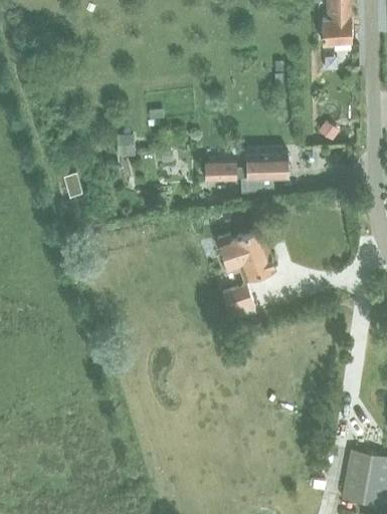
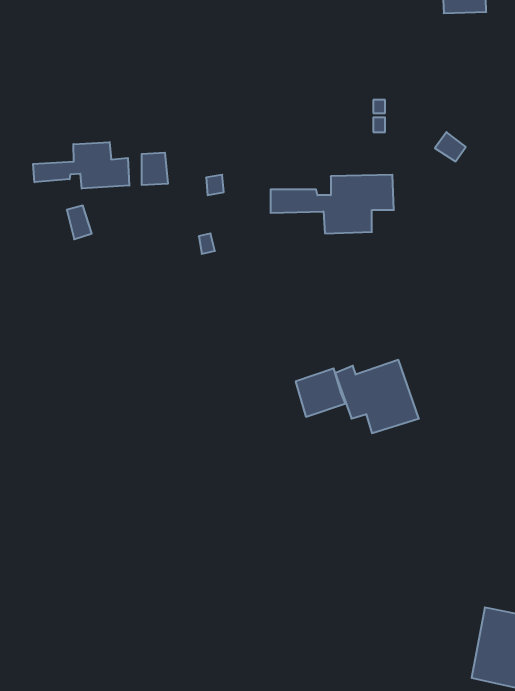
building: none -> [33,142,129,189]
building: [218,229,275,279] -> [335,360,419,433]

